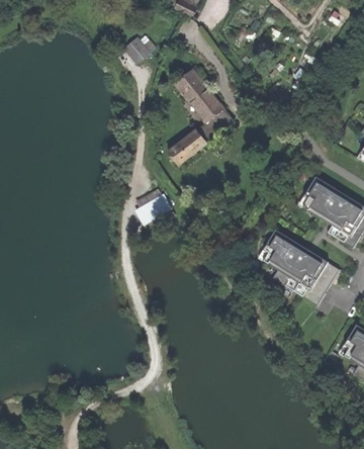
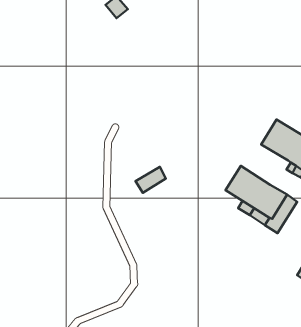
building: [167,69,234,164] -> none
building: [135,193,170,222] -> [136,167,166,193]

